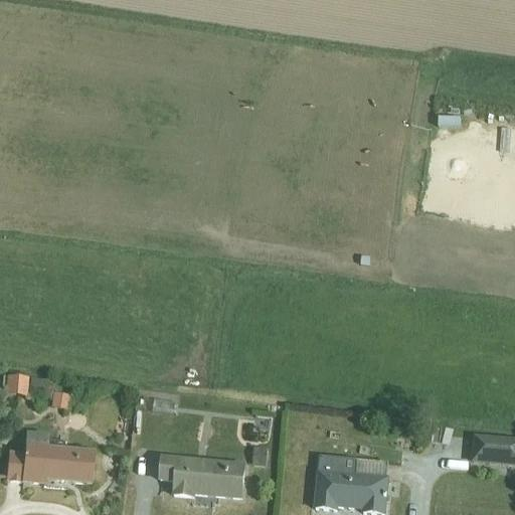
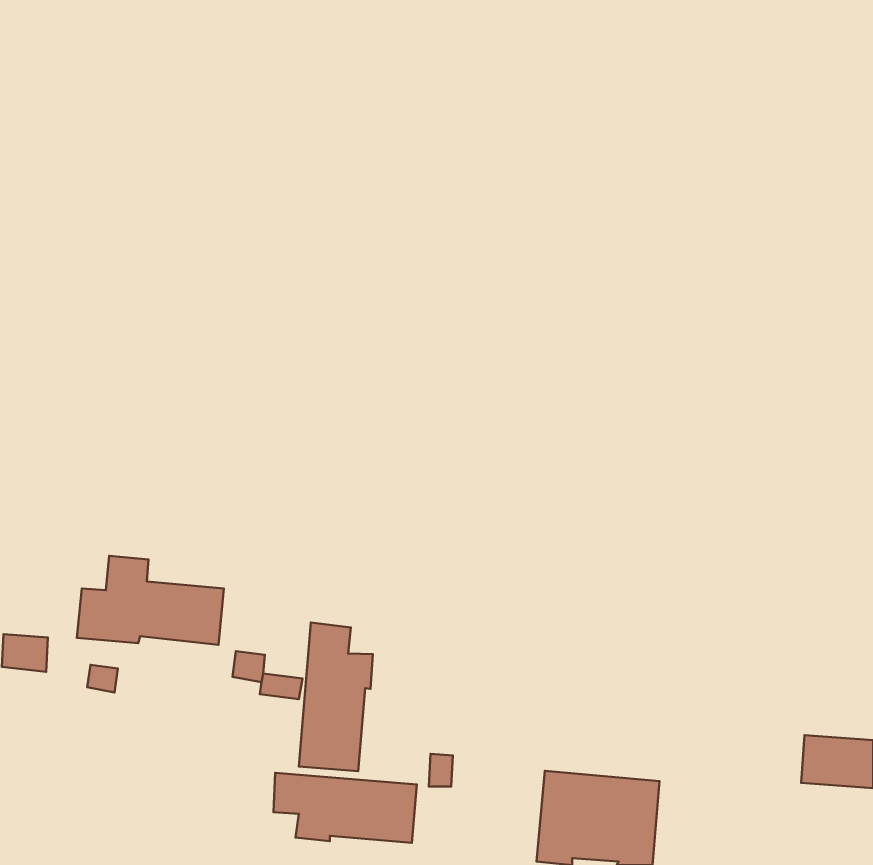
building: none -> [299,623,373,771]
building: [7,431,94,483] -> [77,556,224,645]

